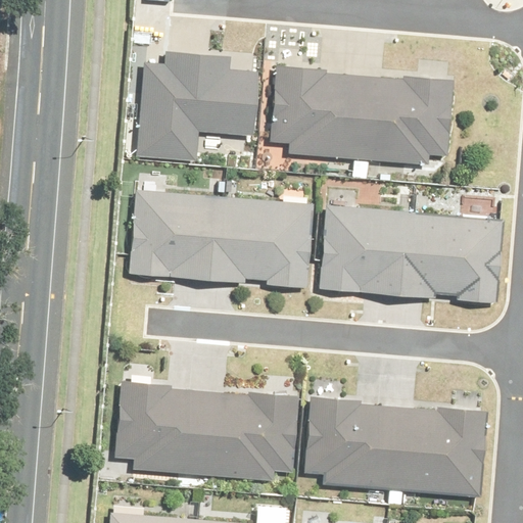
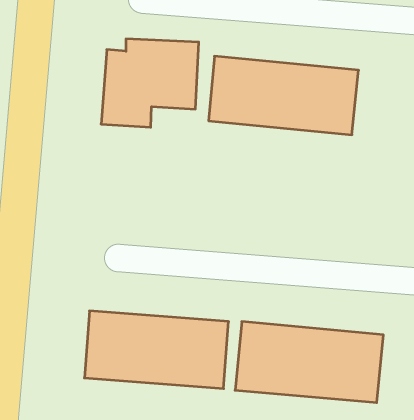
building: [131,188,315,290] -> none
building: [319,200,505,304] -> none

